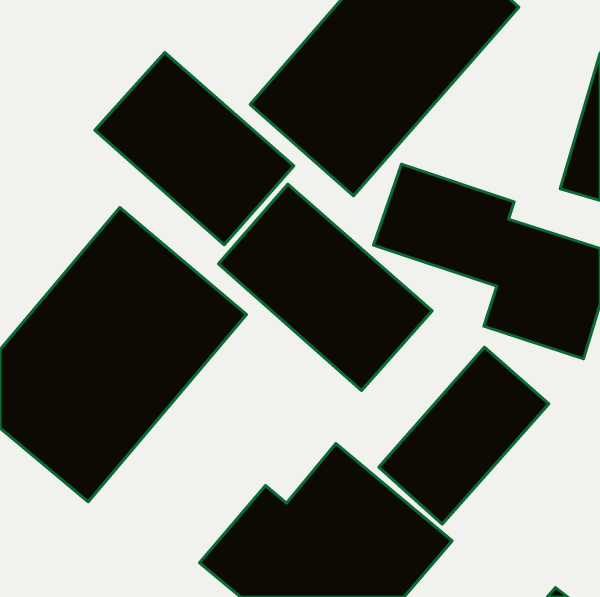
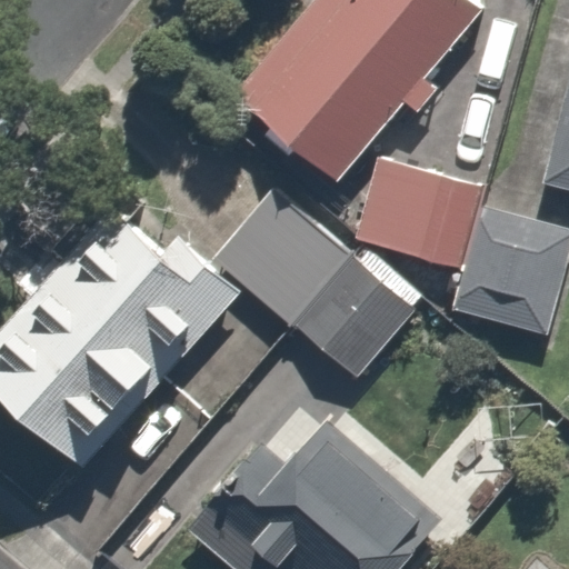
building: [95,52,294,245] -> none
building: [379,347,549,524] -> none

